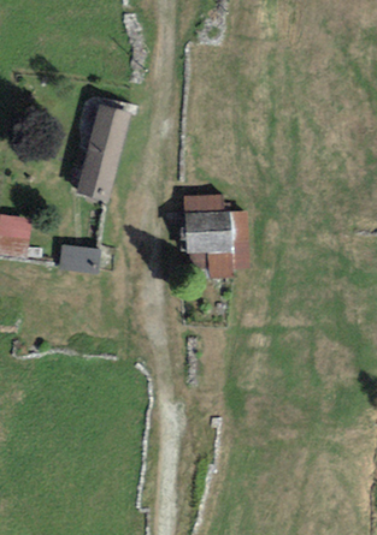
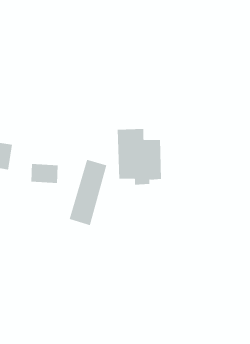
building: [76,105,131,201] -> [69,159,107,226]

